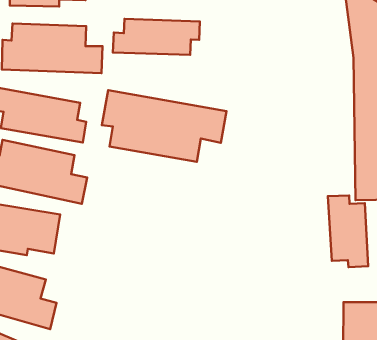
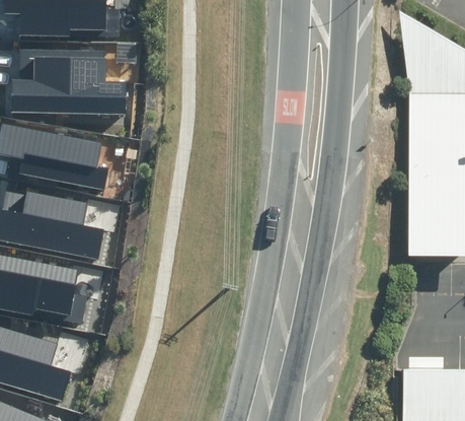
building: [113,19,200,55] -> none
building: [102,90,226,162] -> none
building: [328,195,368,267] -> none

